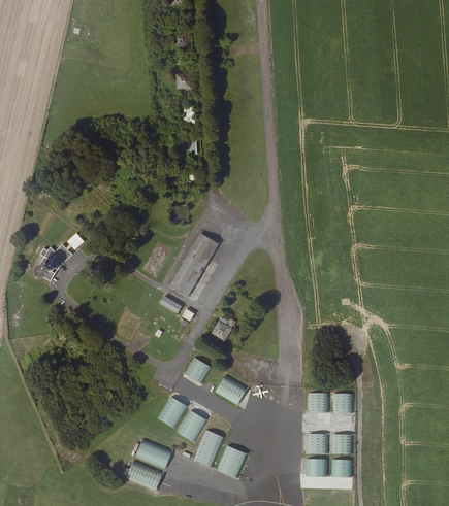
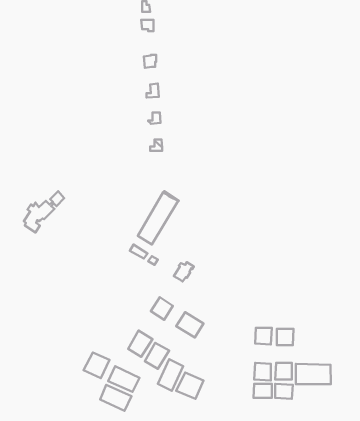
building: none -> [84,352,110,378]
building: none -> [296,364,331,384]

